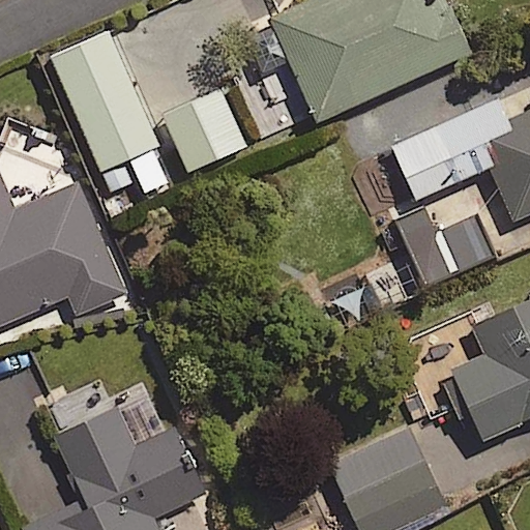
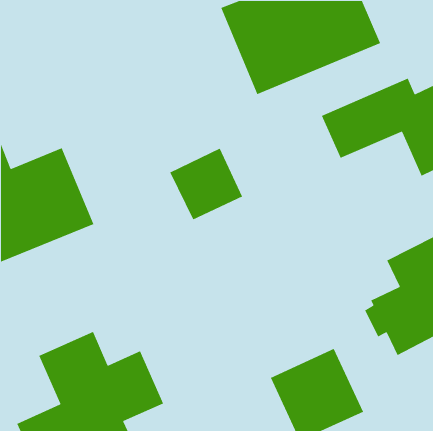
building: [53,32,174,194] -> none
building: [161,86,252,175] -> [169,148,243,221]
building: [395,206,496,288] -> none

